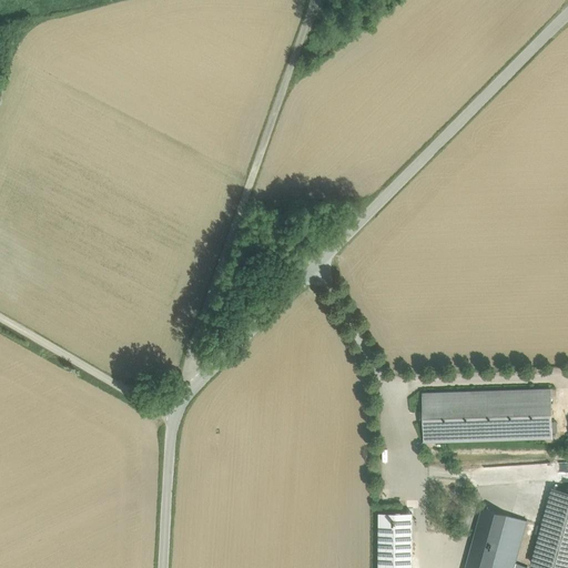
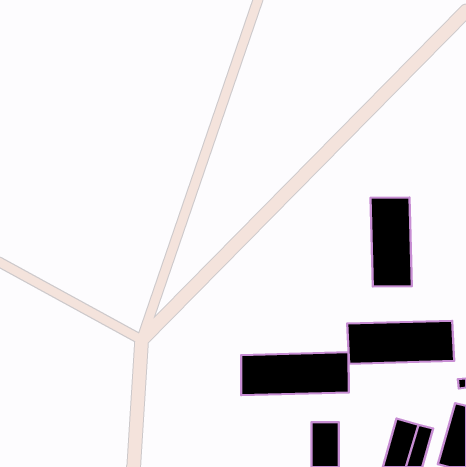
building: none -> [370,198,412,286]
building: none -> [241,352,349,395]

